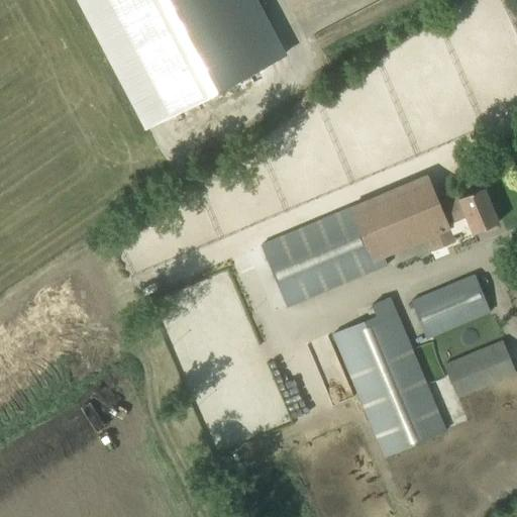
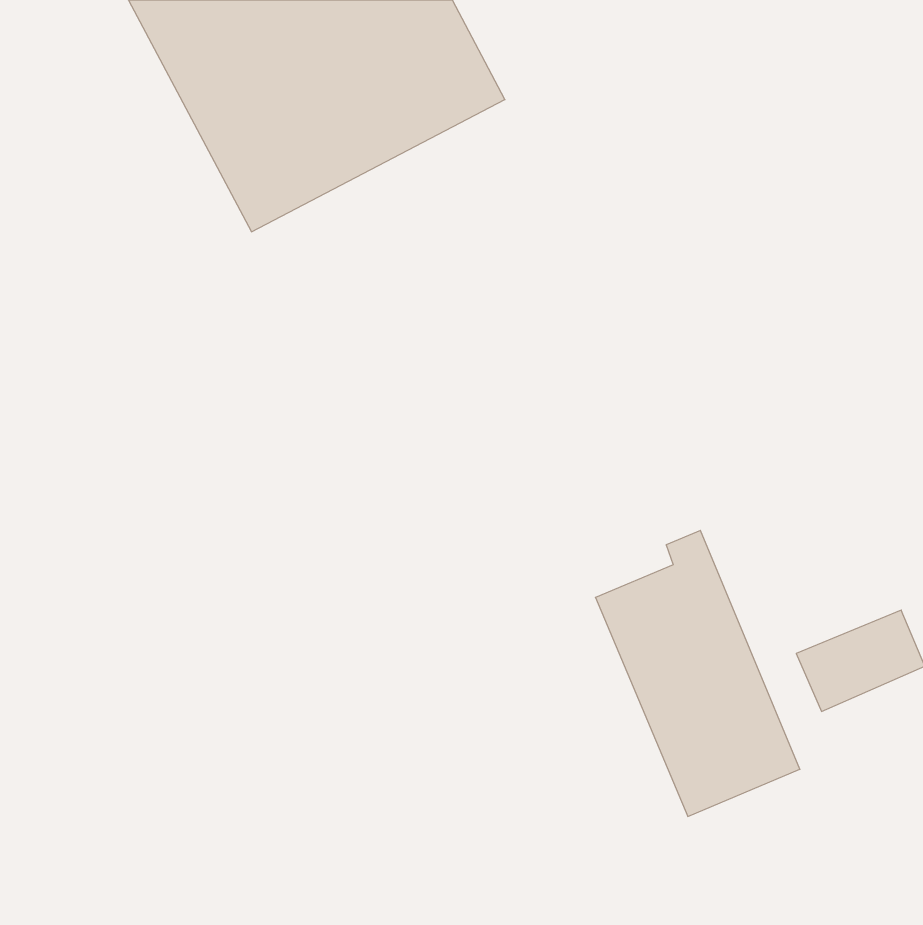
building: [263,175,499,307] -> none
building: [411,273,491,339] -> none

